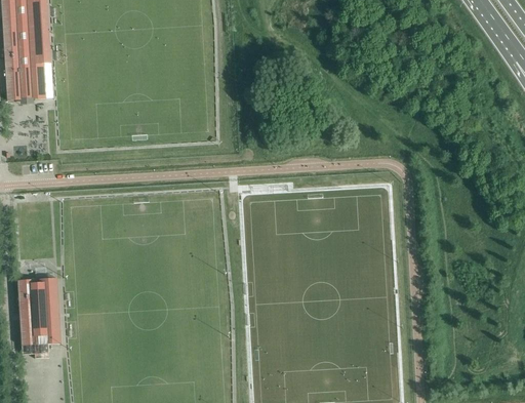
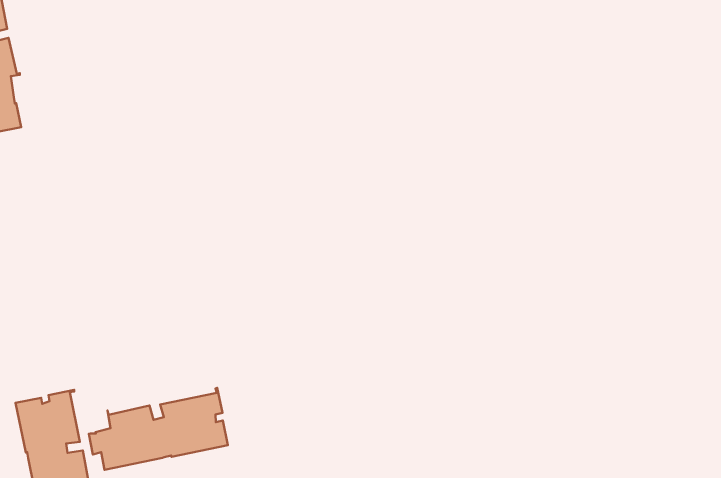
building: none -> [89,388,228,470]

